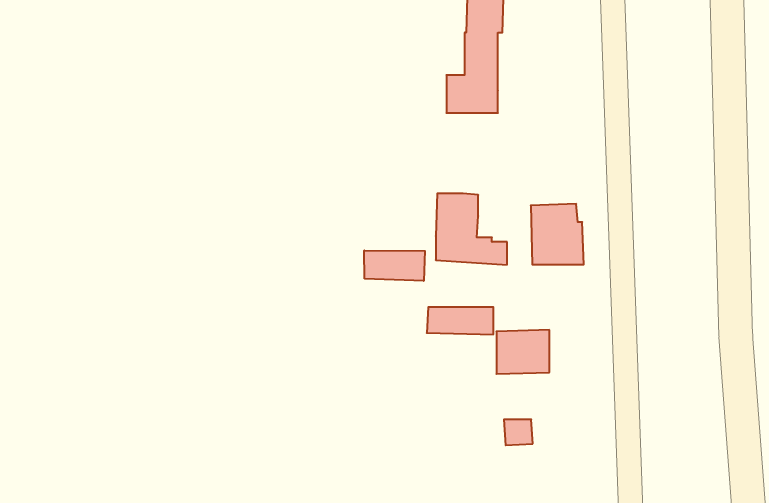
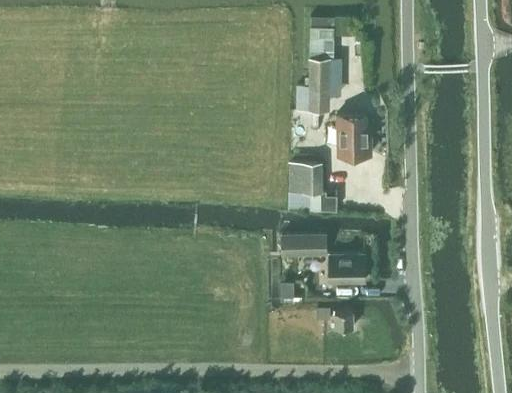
building: [531,204,584,265] -> [336,112,371,152]
building: [364,250,425,281] -> none

